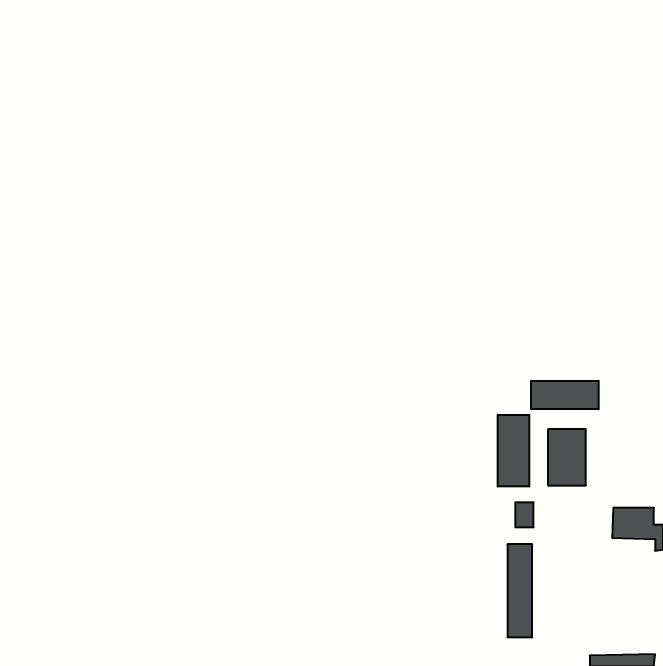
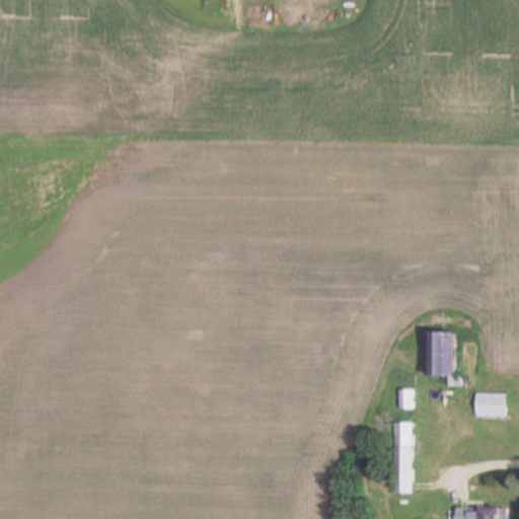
building: [531,381,599,409] -> none
building: [498,415,529,487] -> none

